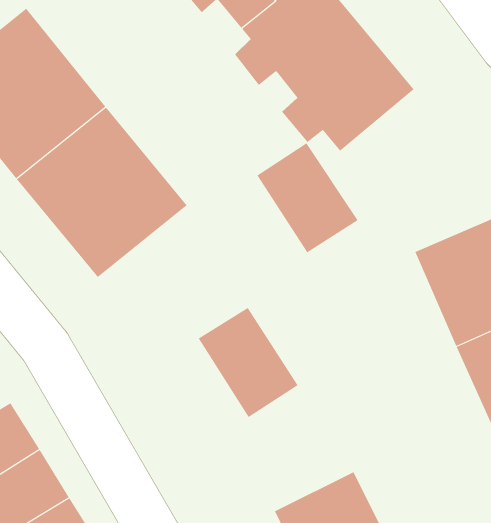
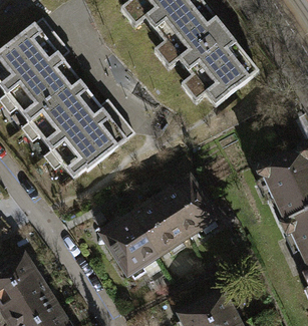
building: [256,142,359,253] -> [163,177,222,241]
building: none -> [103,214,163,279]

